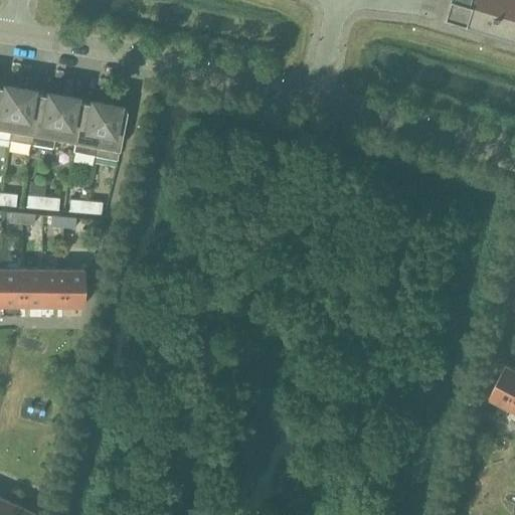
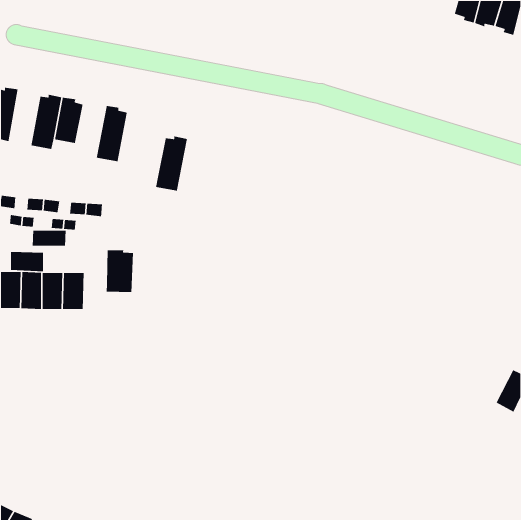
building: [9,89,39,145] -> none
building: [72,102,105,157] -> [155,135,188,192]
building: none -> [32,230,66,247]
building: none -> [106,249,134,293]
building: none -> [10,251,44,272]

